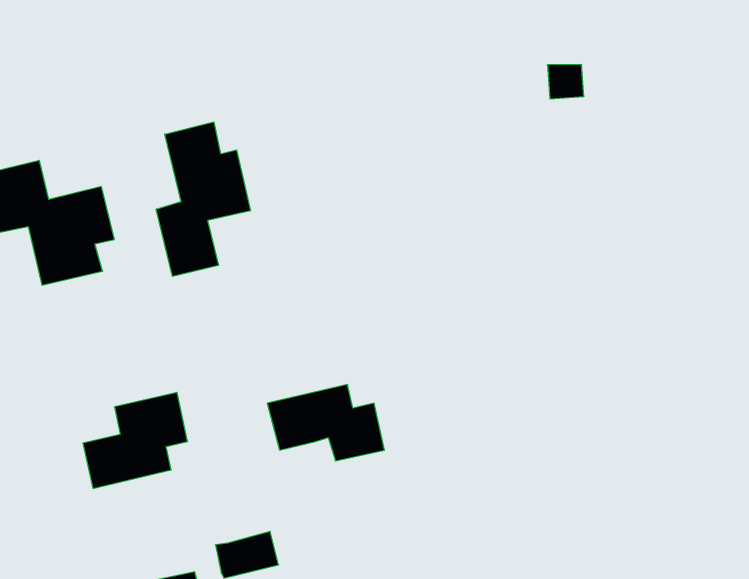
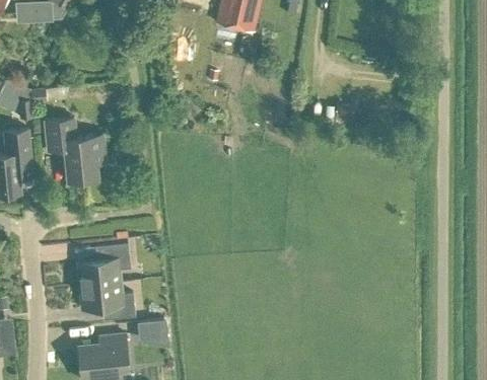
building: [156,122,251,276] -> none
building: [267,385,384,461] -> [80,282,136,319]

